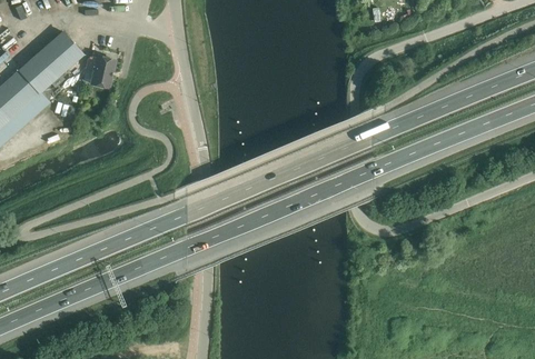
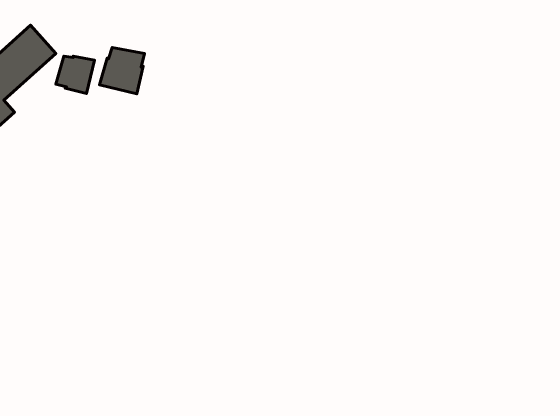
building: none -> [99,47,144,94]

